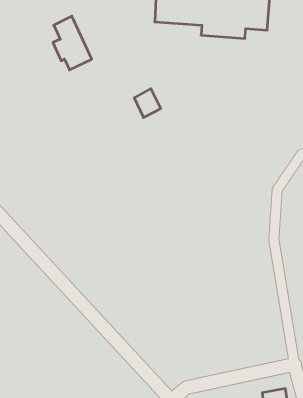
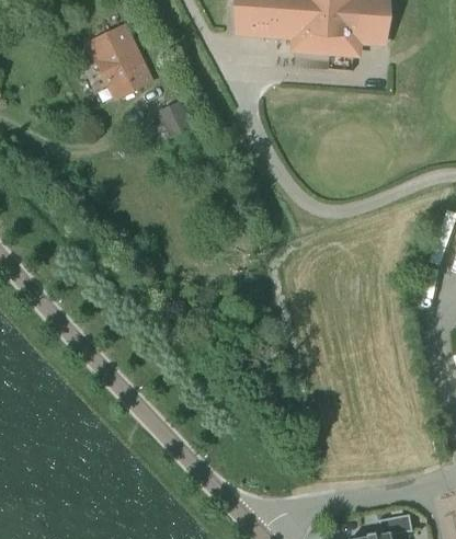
building: [134,89,161,118] -> [156,102,191,140]

